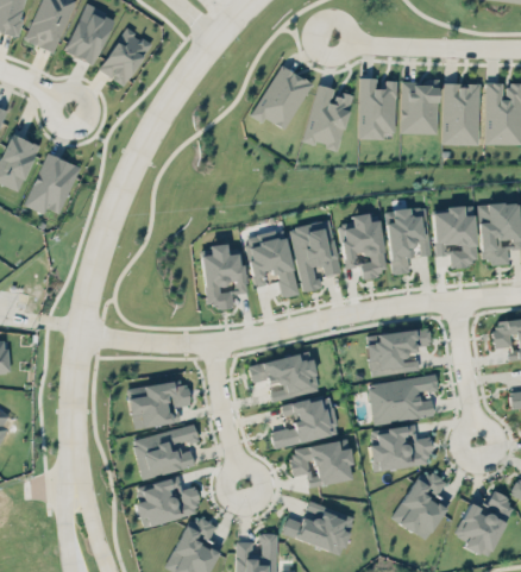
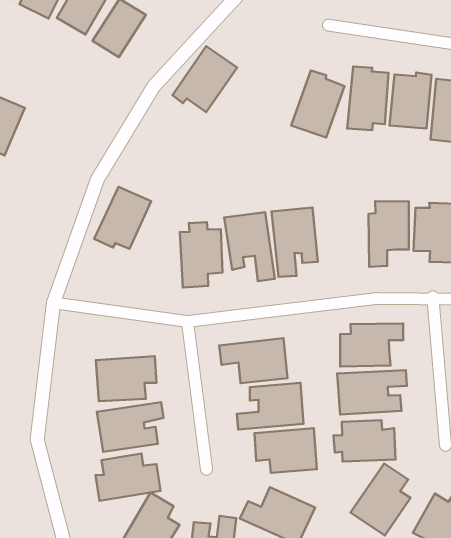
building: [251,64,313,130] -> [173,46,237,112]
building: [26,153,80,214] -> [94,187,151,249]
building: [340,213,388,278] -> none

